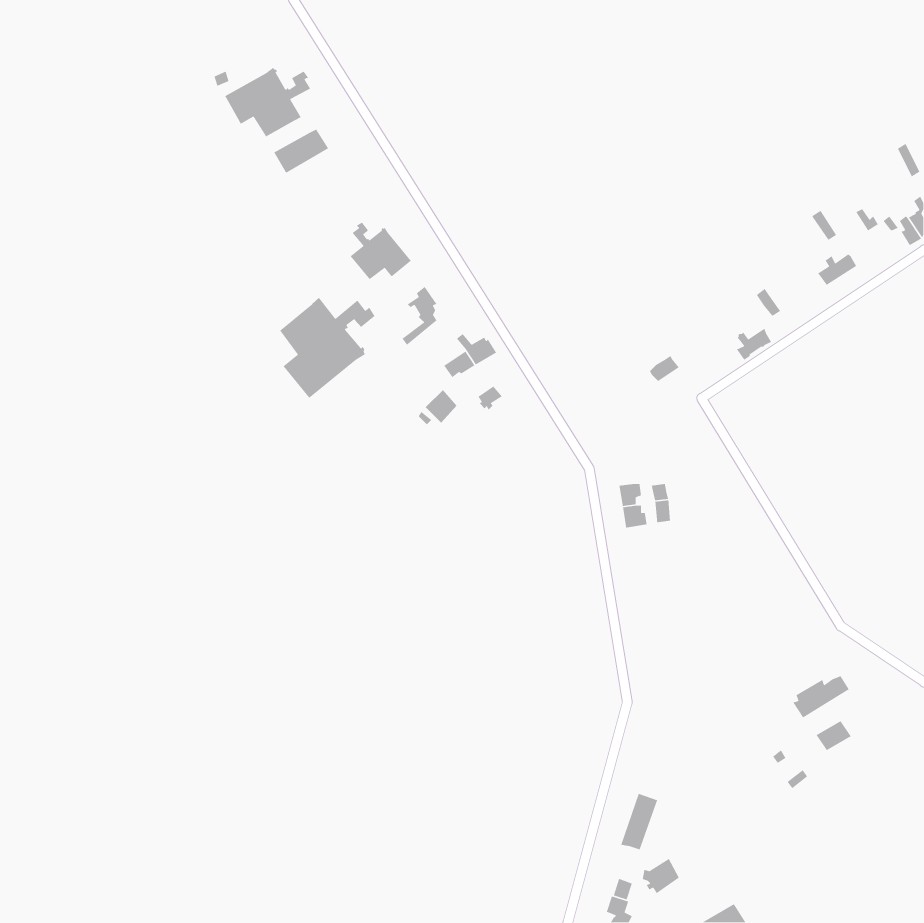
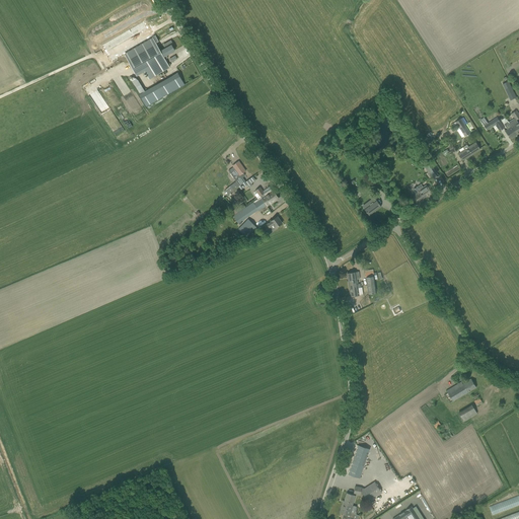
building: [349,222,412,280] -> none
building: [279,297,376,399] -> none

